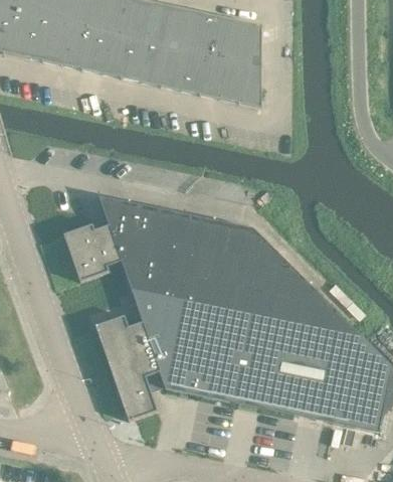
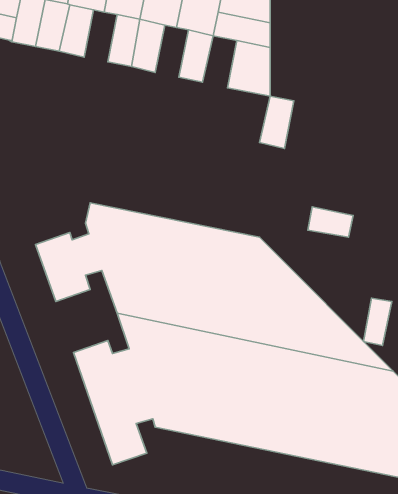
building: [103,33,131,77] -> none
building: [163,46,191,91] -> none
building: [203,55,232,100] -> [259,96,294,148]
building: none -> [308,207,353,237]
building: none -> [364,298,392,345]

